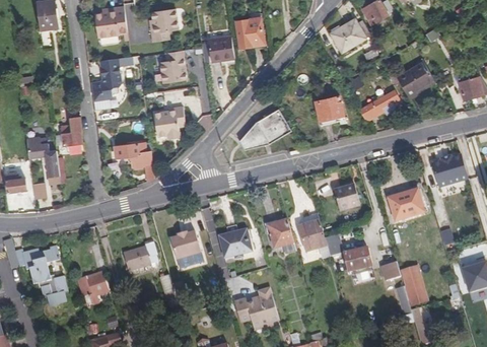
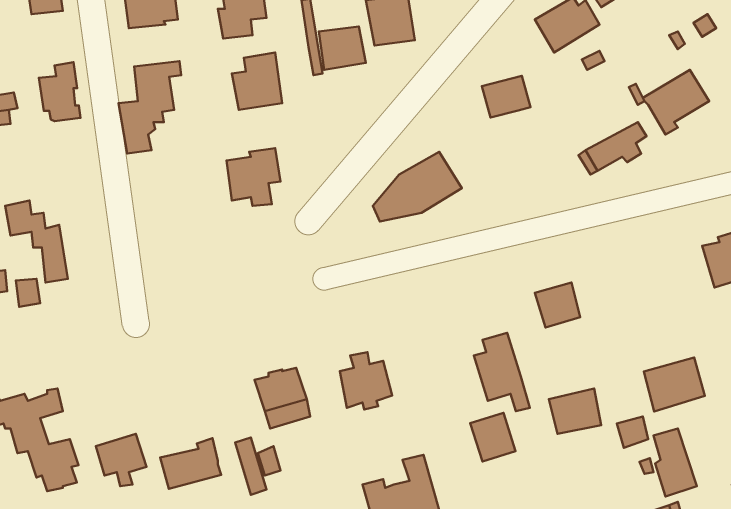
building: [315,96,343,121] -> [482,76,530,118]
building: [61,116,85,150] -> [39,62,81,121]
building: [116,141,155,179] -> none
building: [389,191,424,222] -> [644,357,705,411]
building: [268,220,294,249] -> [470,413,516,462]
building: [123,242,158,272] -> [160,438,221,489]

